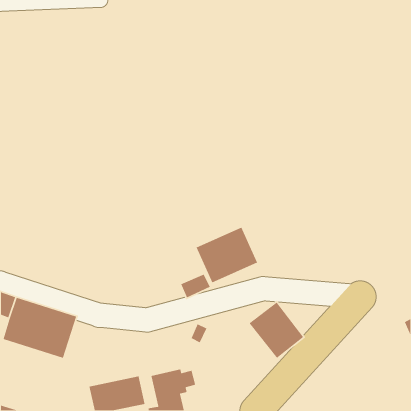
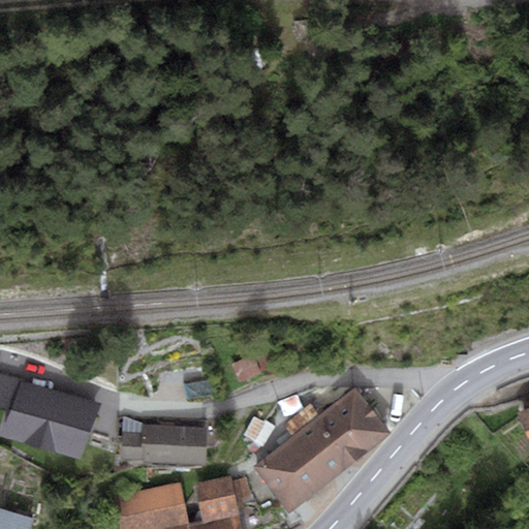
building: [195,227,258,283] -> none
building: none -> [253,403,355,512]
building: none -> [122,425,207,465]

